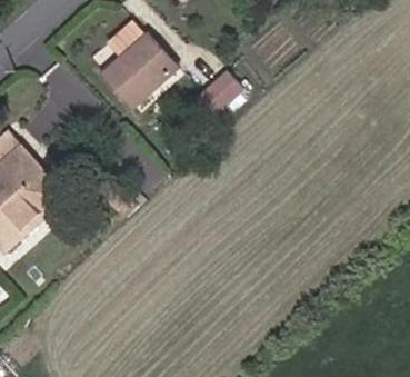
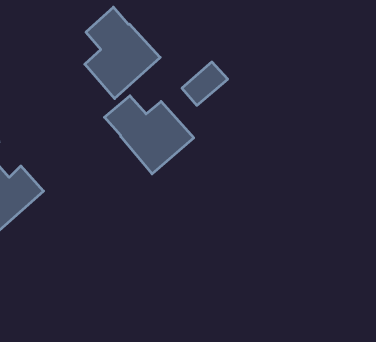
building: none -> [104,96,194,174]

